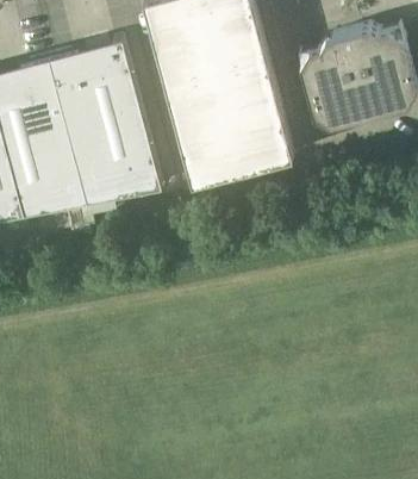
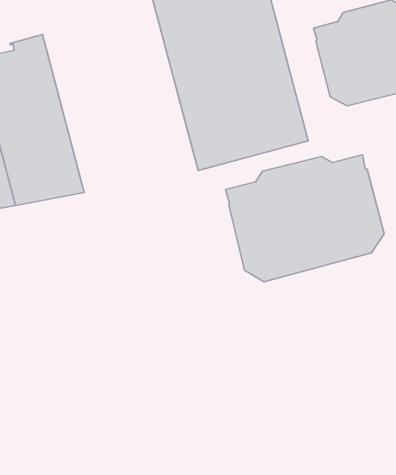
building: [49,41,162,205] -> none
building: none -> [225,155,384,282]

